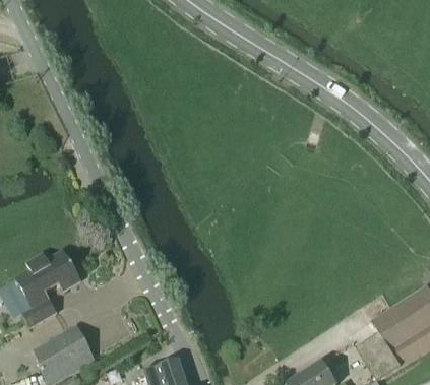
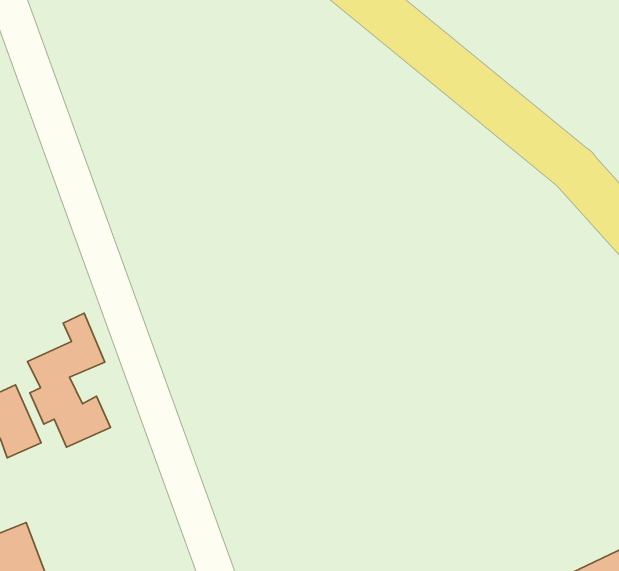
building: none -> [27,313,110,447]

